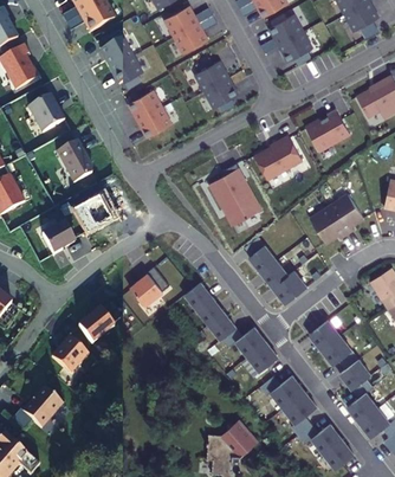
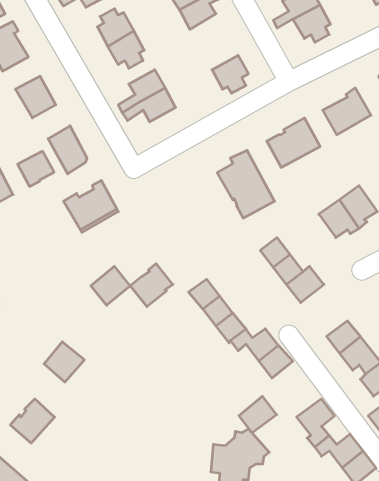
building: [195,57,228,90] -> none
building: [41,224,75,256] -> [18,151,54,186]
building: [78,309,114,344] -> [91,266,130,305]
building: [270,373,304,406] -> [239,396,277,433]

